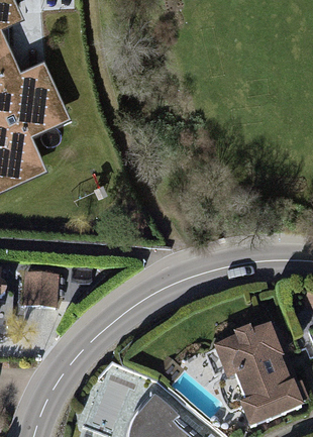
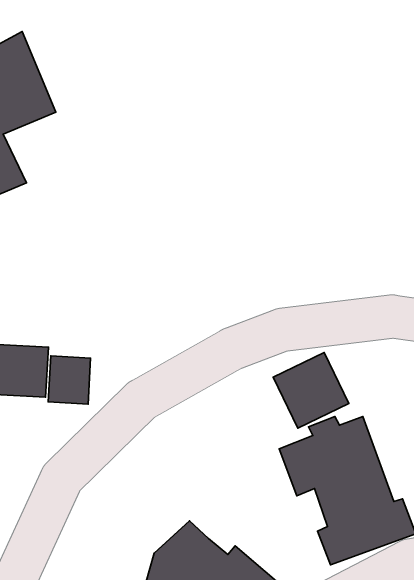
building: none -> [273,353,349,428]
building: none -> [48,356,91,404]

